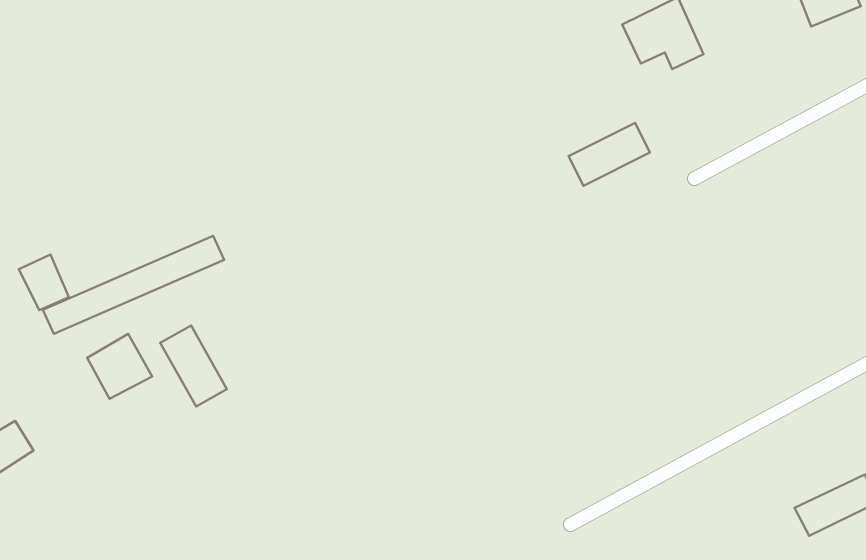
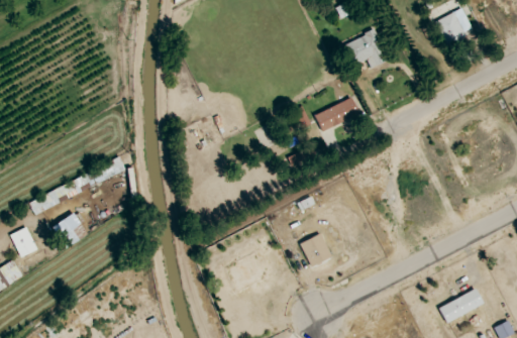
building: [19,254,69,310] -> [10,226,37,256]
building: [160,326,227,407] -> none
building: none -> [300,232,332,266]

